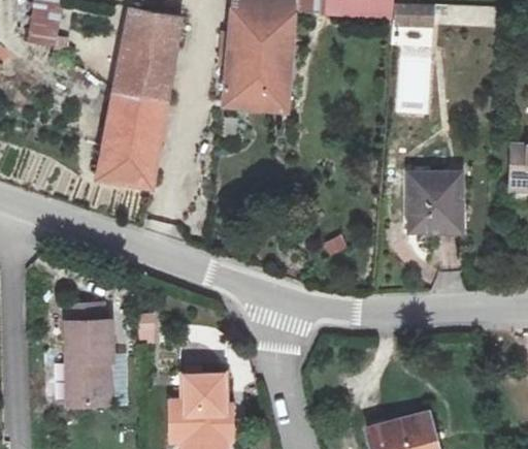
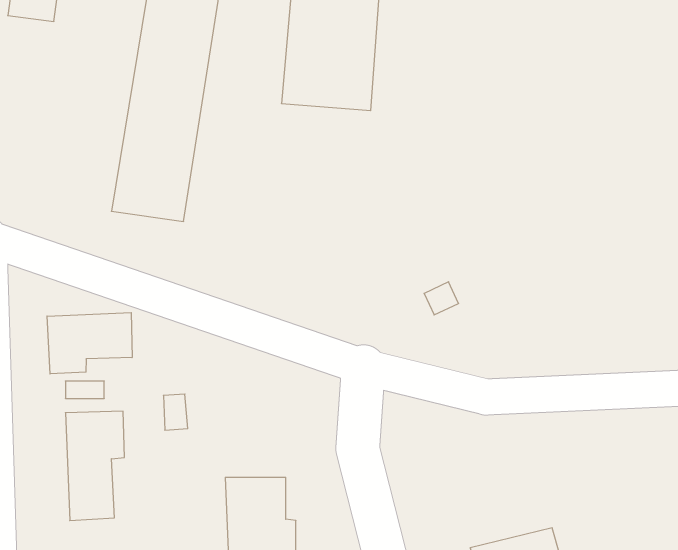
building: [421,180,473,239] -> none
building: none -> [47,313,132,374]

